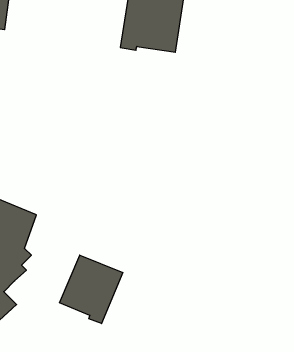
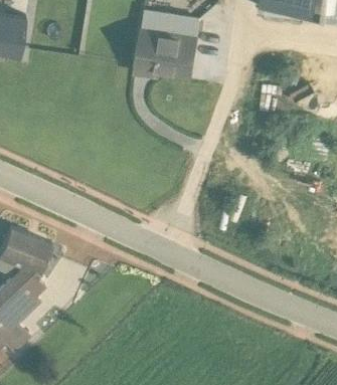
building: [60,255,123,324] -> none

